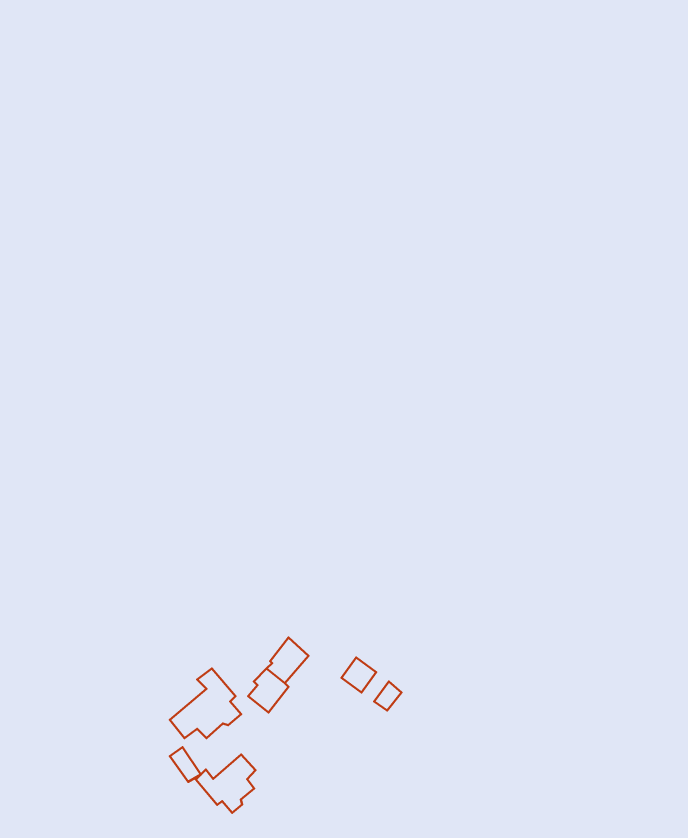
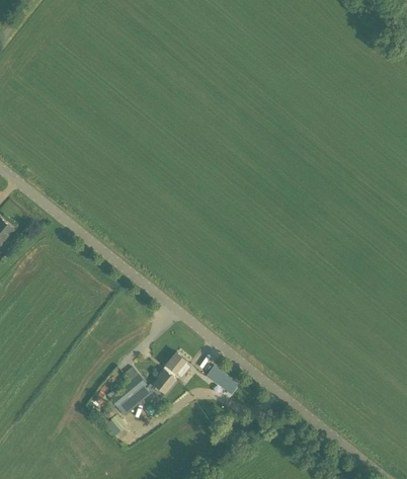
building: [196,754,256,813] -> none

